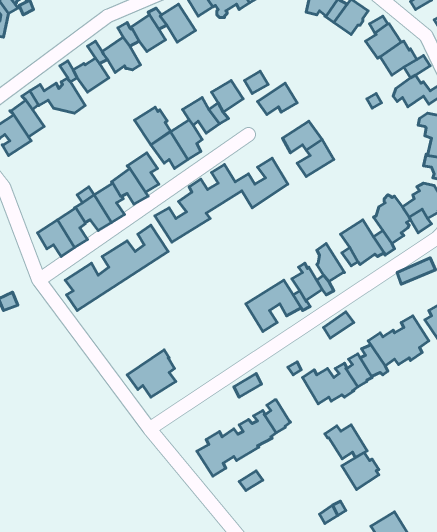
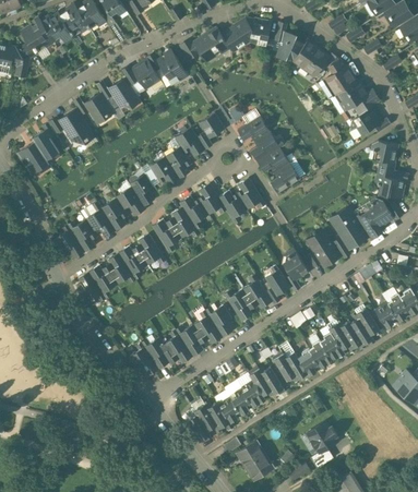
building: none -> [250,132,279,161]
building: [134,107,171,145] -> none
building: none -> [163,305,234,363]
building: [325,425,367,459] -> [249,368,284,396]
building: none -> [238,442,270,479]

